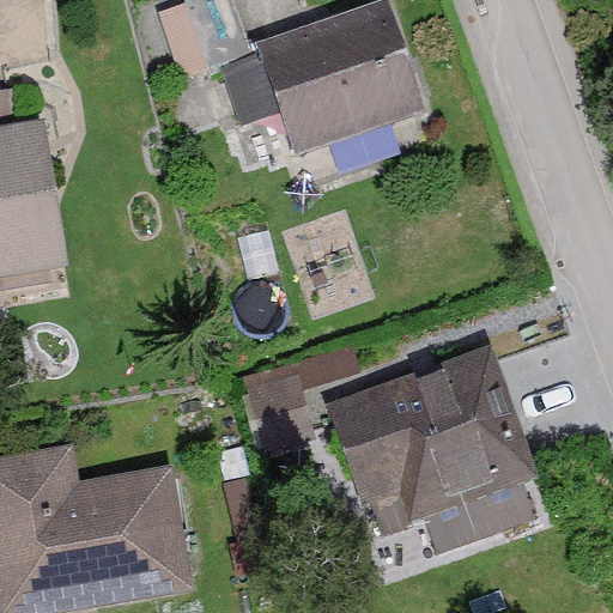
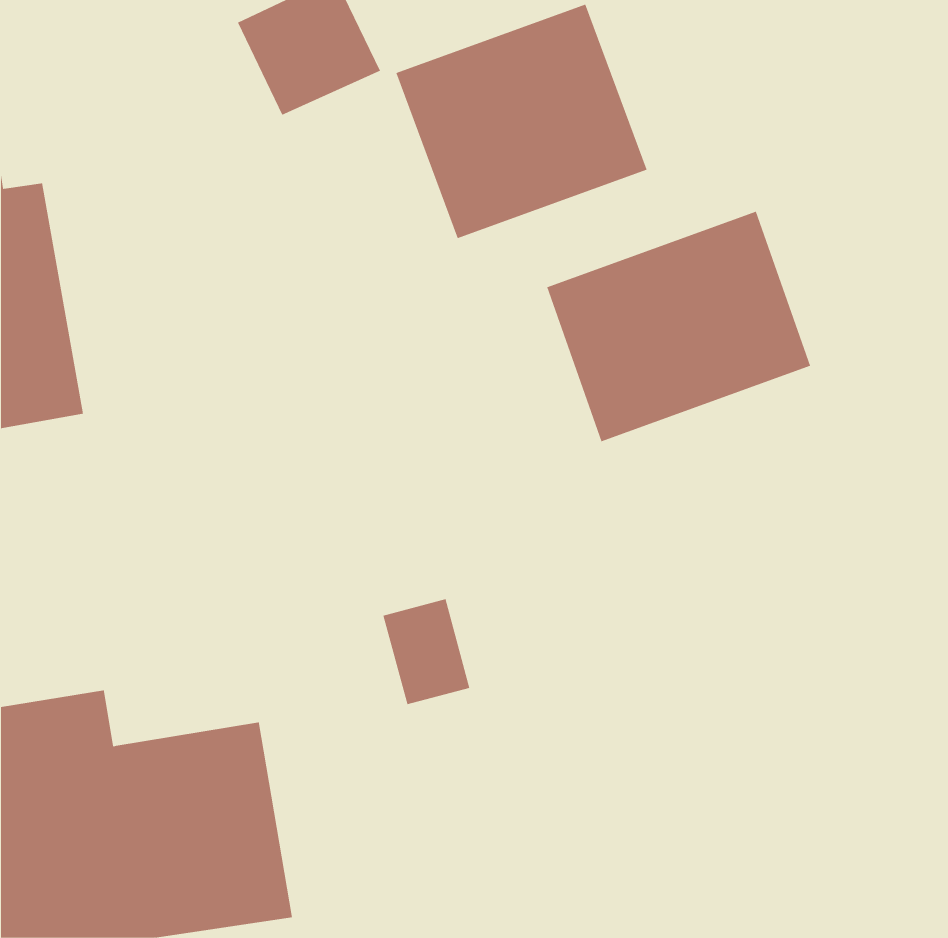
building: none -> [546,211,811,442]
building: [322,347,535,552] -> none

